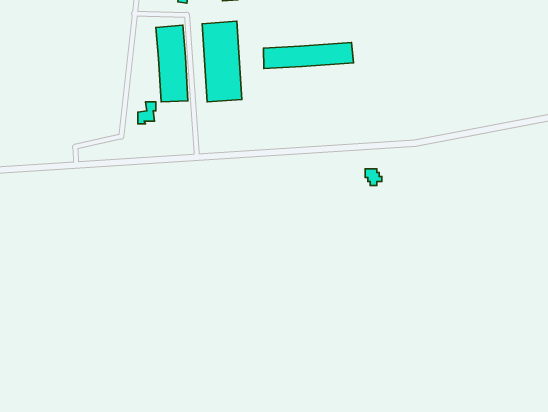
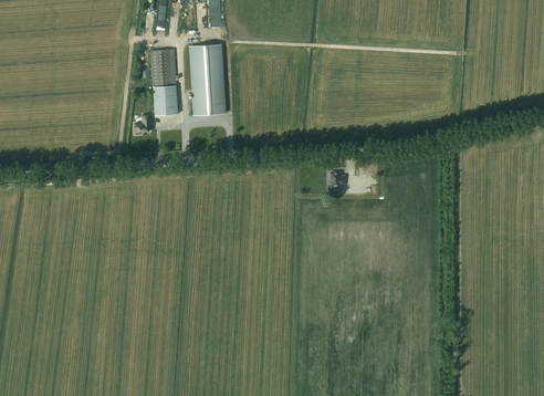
building: [263,43,353,69] -> none

